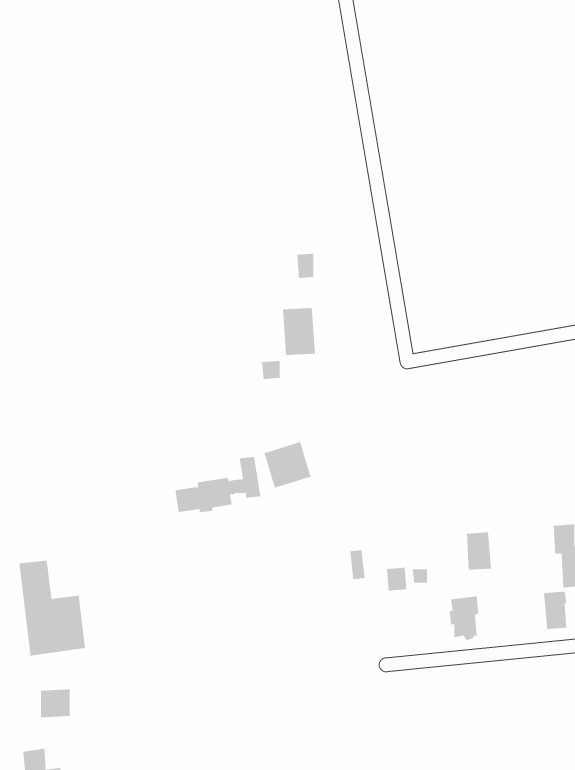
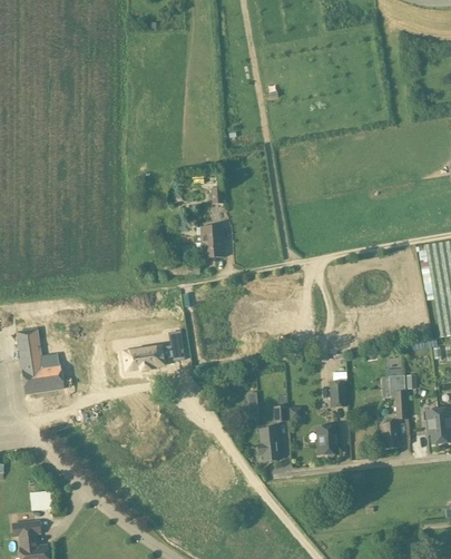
building: [264,441,311,488] -> none
building: [19,560,86,656] -> [18,327,65,394]
building: none -> [256,428,277,461]

